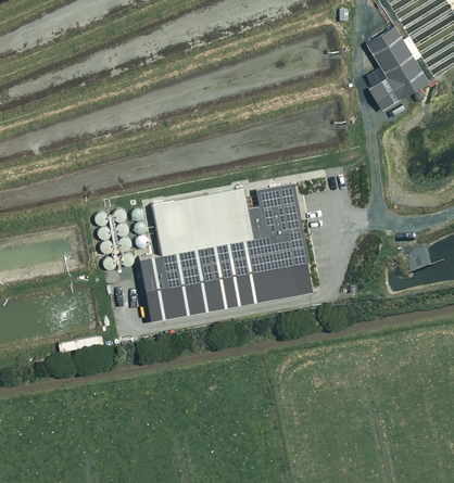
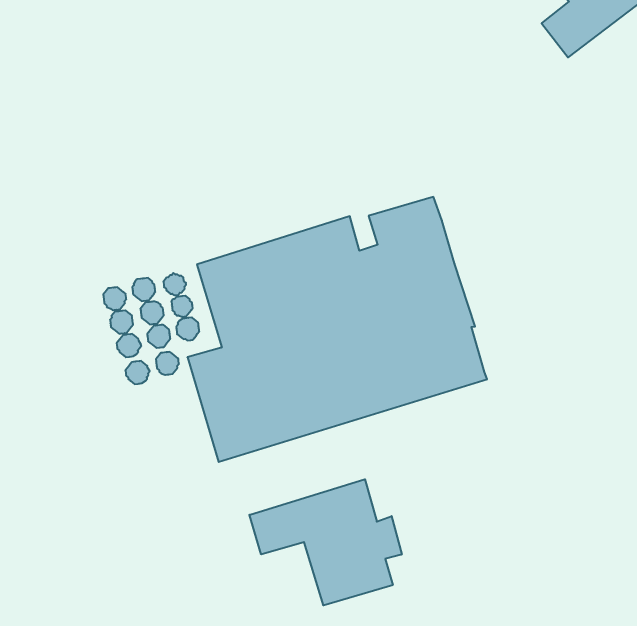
building: none -> [249,479,402,605]

